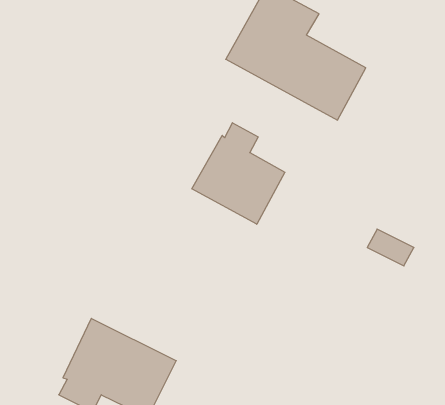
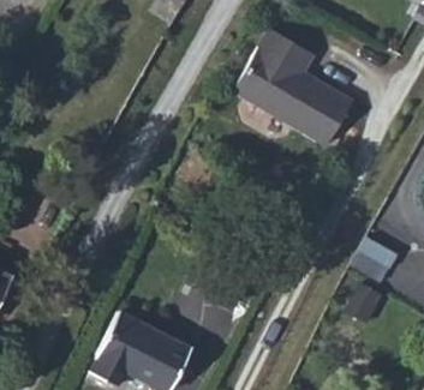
building: [192,123,285,224] -> none

